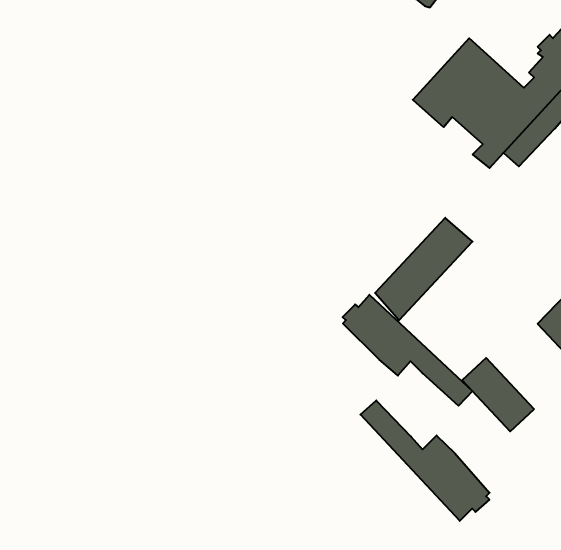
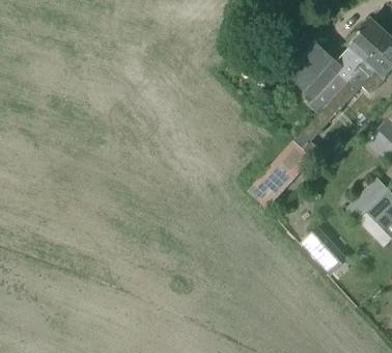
building: [343,295,473,406] -> none
building: [360,400,490,521] -> none

